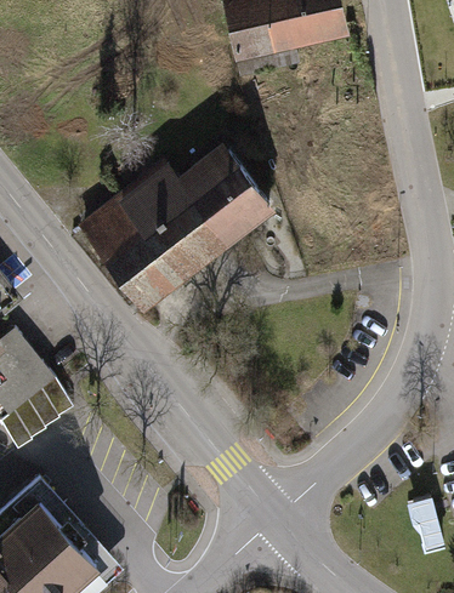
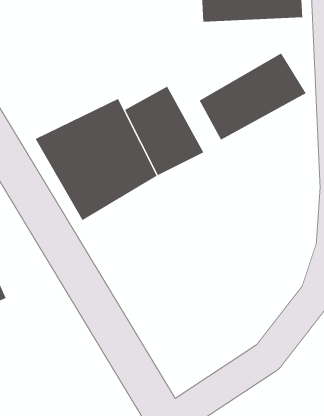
building: none -> [199,52,306,141]

